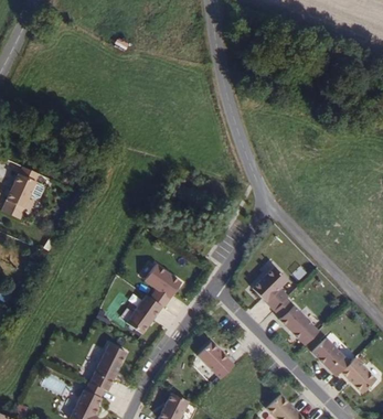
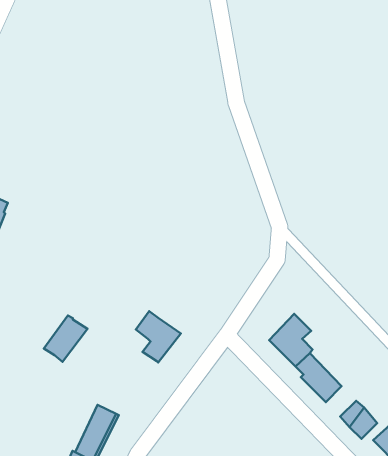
building: [124,297,160,335] -> [44,316,87,362]
building: [193,337,230,375] -> none

